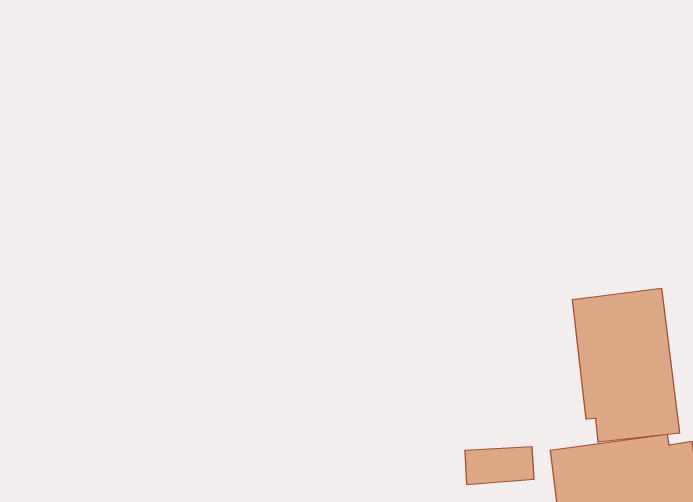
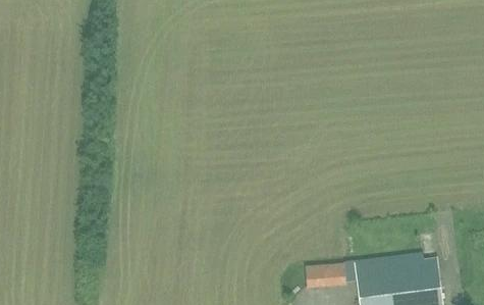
building: [573,288,679,442] -> none

